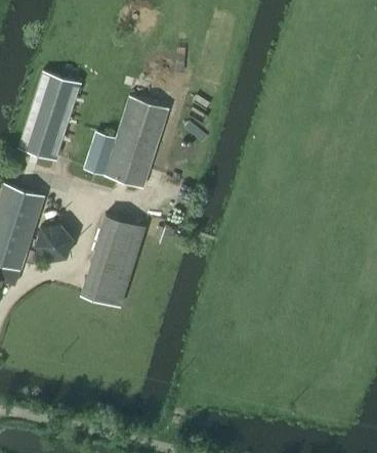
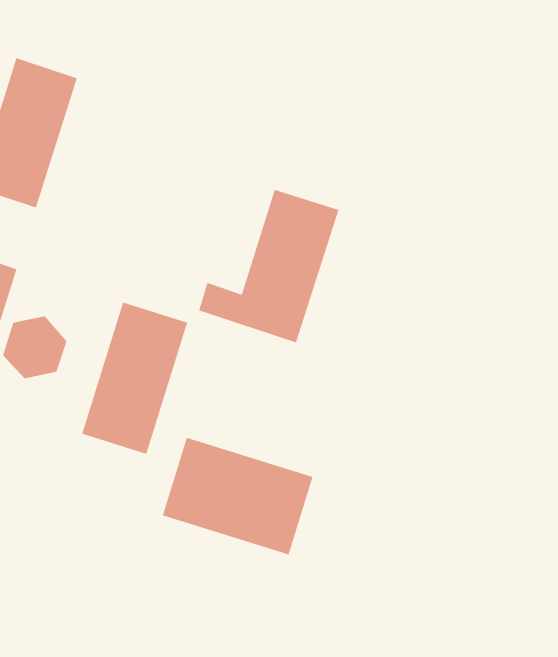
building: [83,96,167,188] -> [198,189,339,344]
building: none -> [162,437,313,556]

